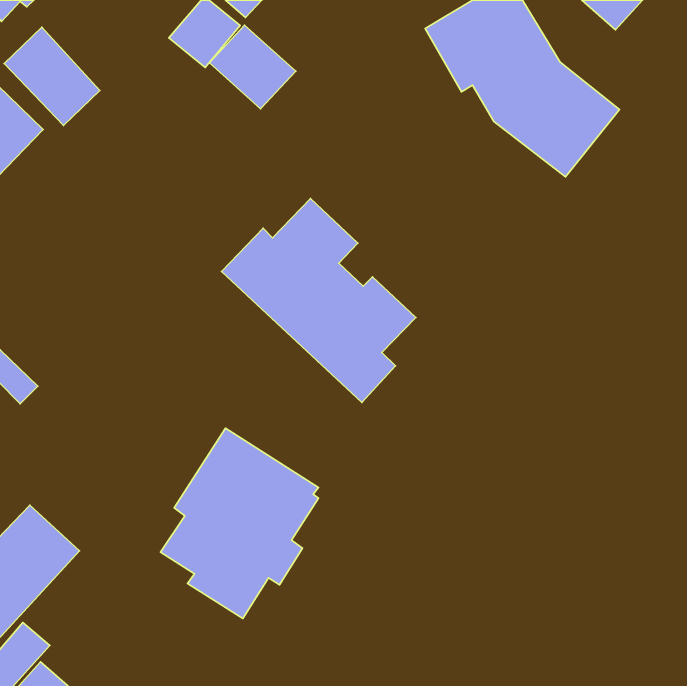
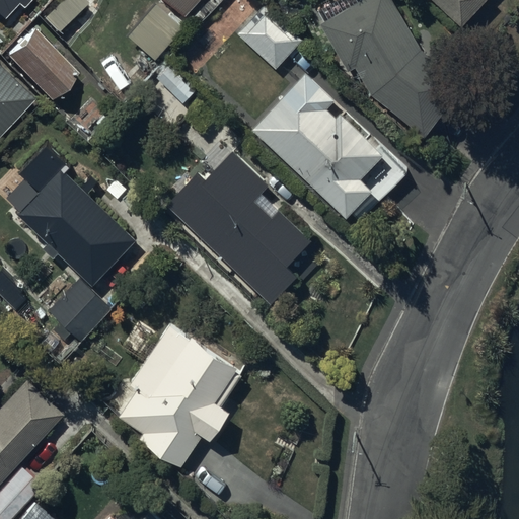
building: [209,25,296,109] -> [237,7,302,70]
building: none -> [251,74,403,223]
building: none -> [16,169,137,287]
building: none -> [50,281,112,343]

